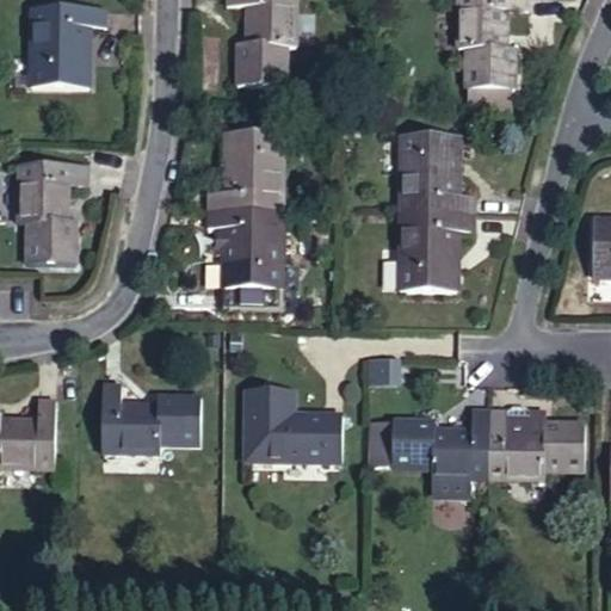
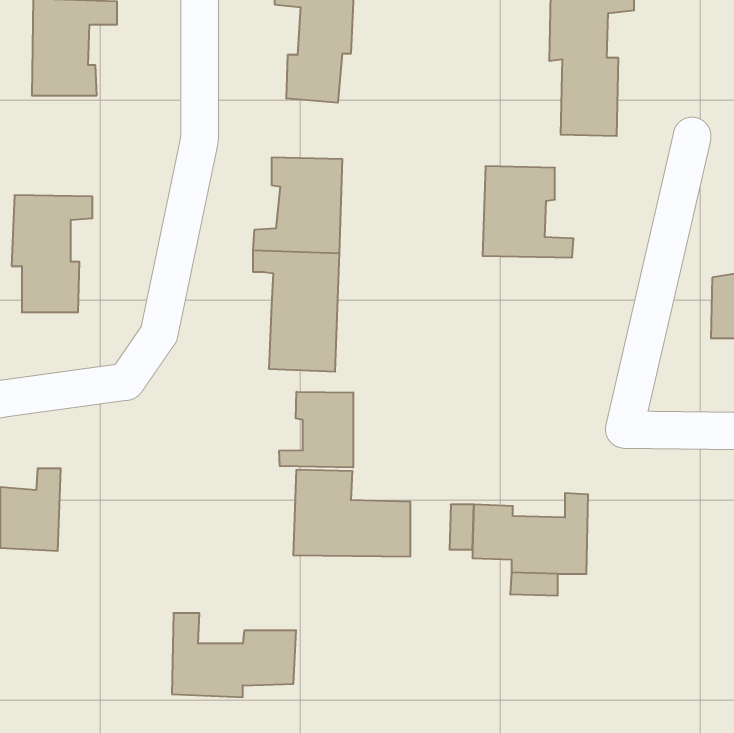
building: [401,211,476,291] -> none
building: none -> [279,392,353,468]
building: [99,395,202,464] -> [172,613,296,697]
building: [488,402,586,476] -> none

